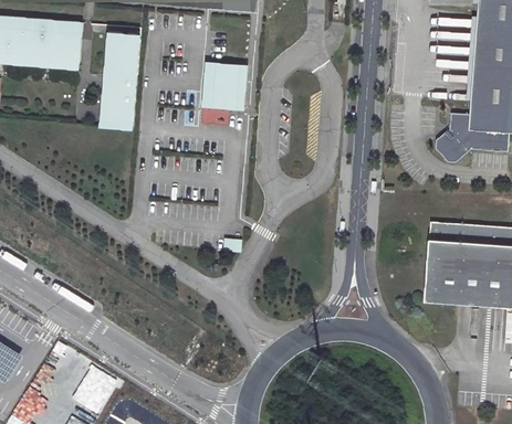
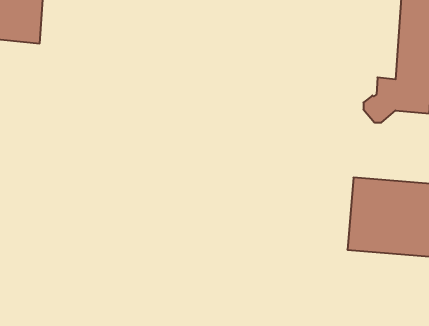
building: [98,32,140,130] -> none
building: [201,64,247,112] -> none

